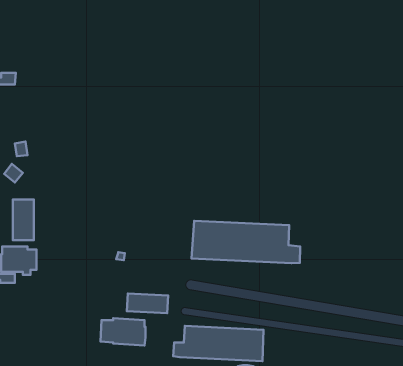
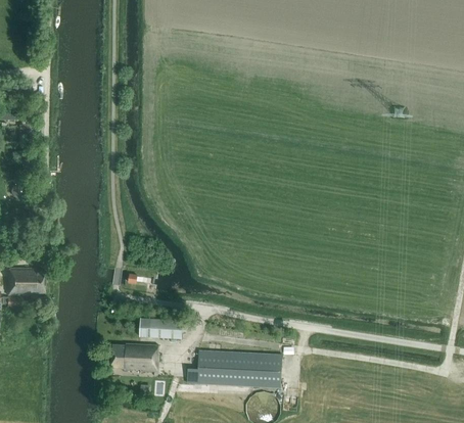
building: [13,199,34,240] -> none
building: [192,221,300,263] -> none

